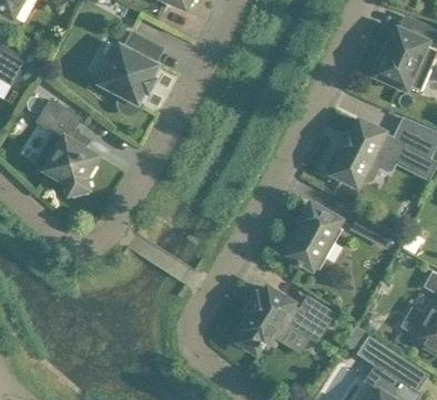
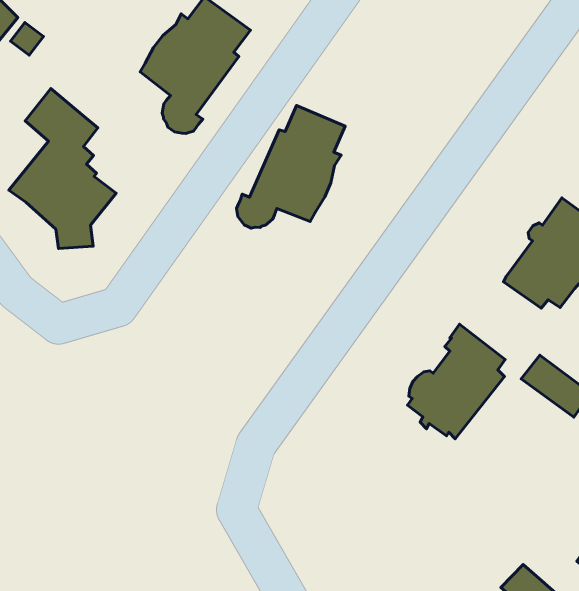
building: none -> [236,105,345,228]
building: [241,287,333,348] -> none

